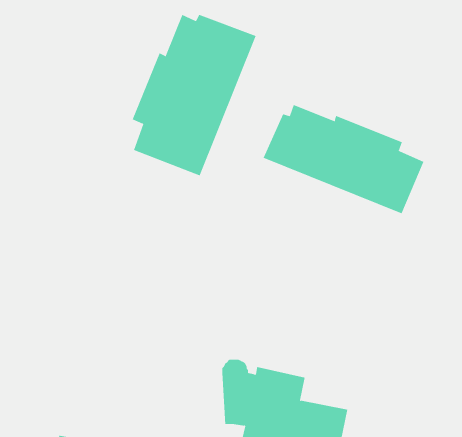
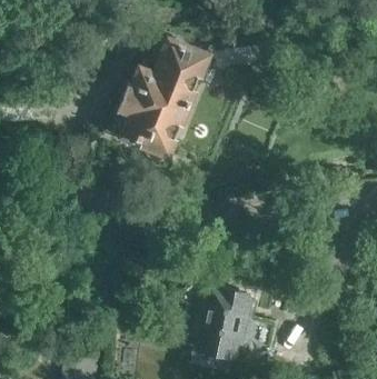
building: [263,104,424,214] -> none

